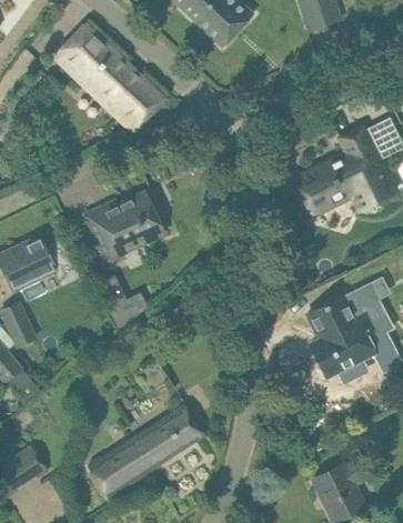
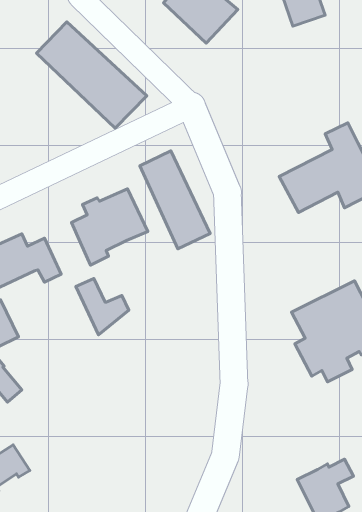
building: none -> [140,151,210,249]
building: [87,403,204,497] -> none

